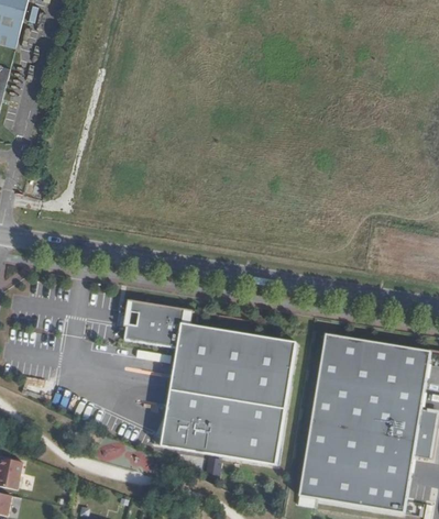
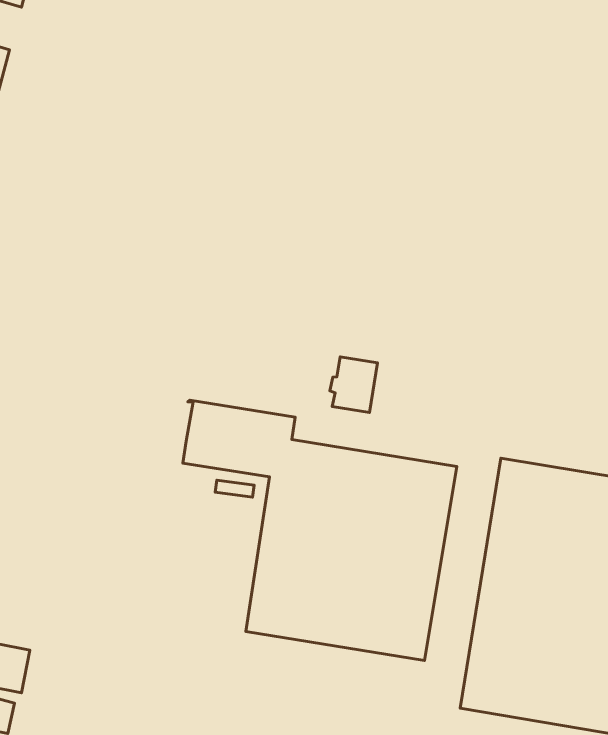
building: none -> [330,357,377,412]

